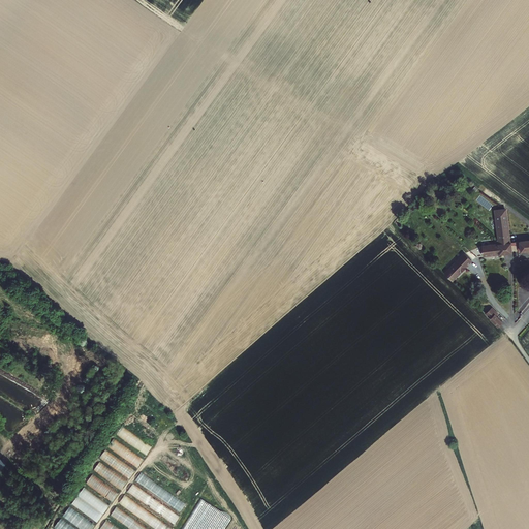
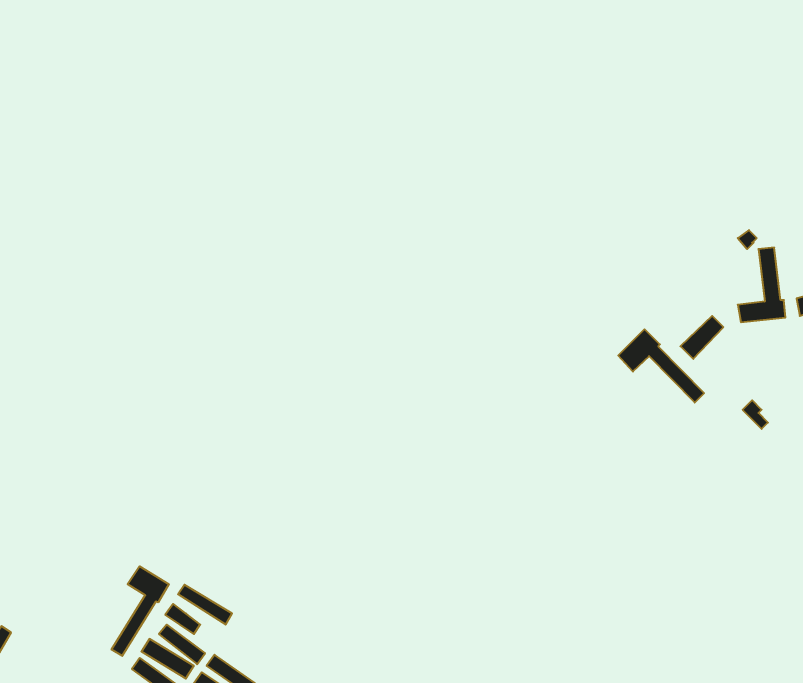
building: none -> [618,329,704,403]
building: none -> [112,566,169,656]

